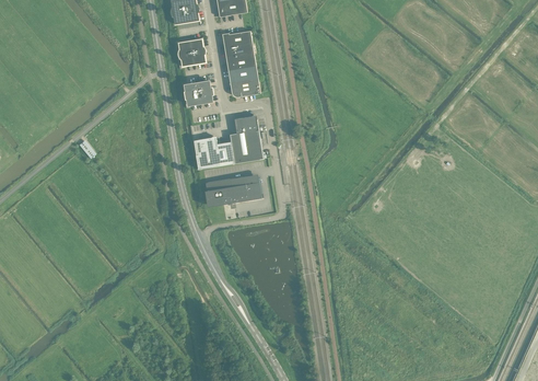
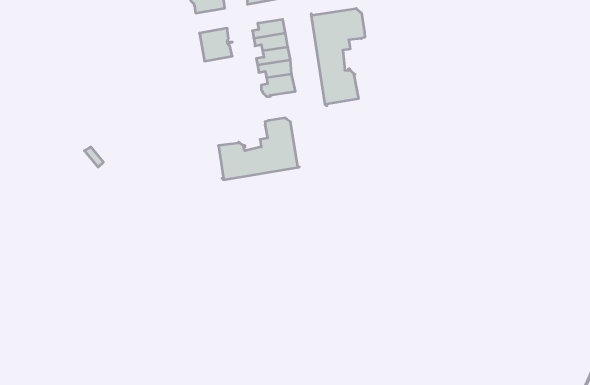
building: none -> [311,8,365,106]
building: [185,80,212,104] -> none
building: [203,174,262,206] -> none

